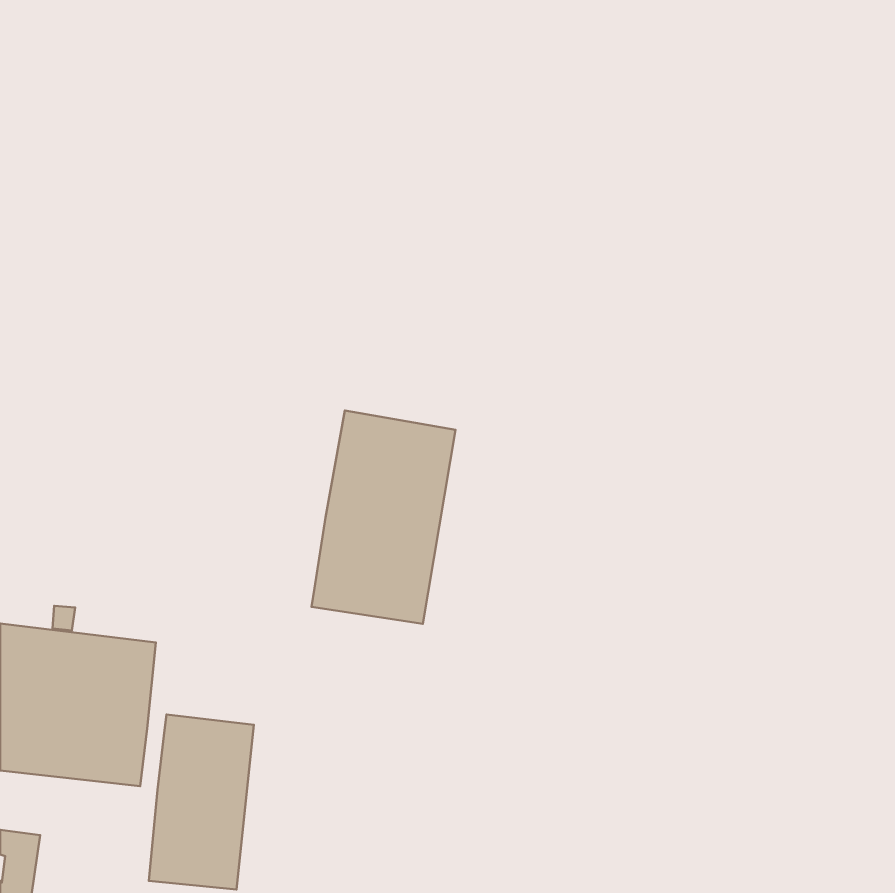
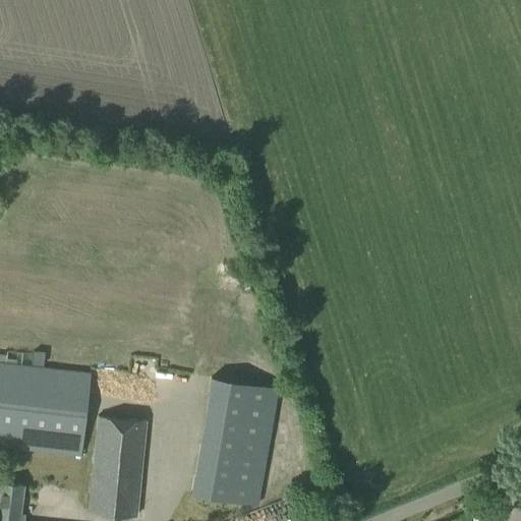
building: [311,410,455,624] -> none
building: none -> [190,379,279,506]

